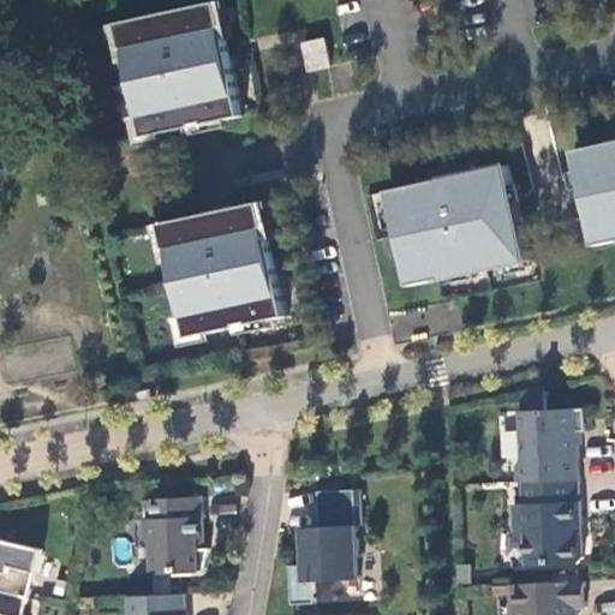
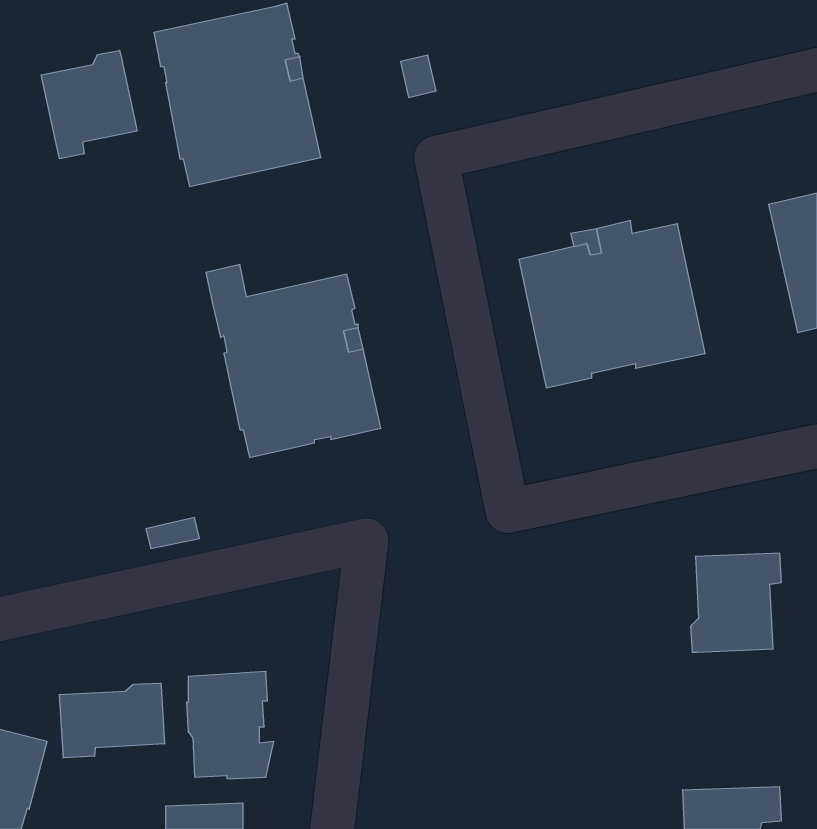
building: none -> [41,50,137,159]
building: [507,480,577,567] -> none
building: [283,490,356,605] -> none
building: none -> [59,683,165,758]

